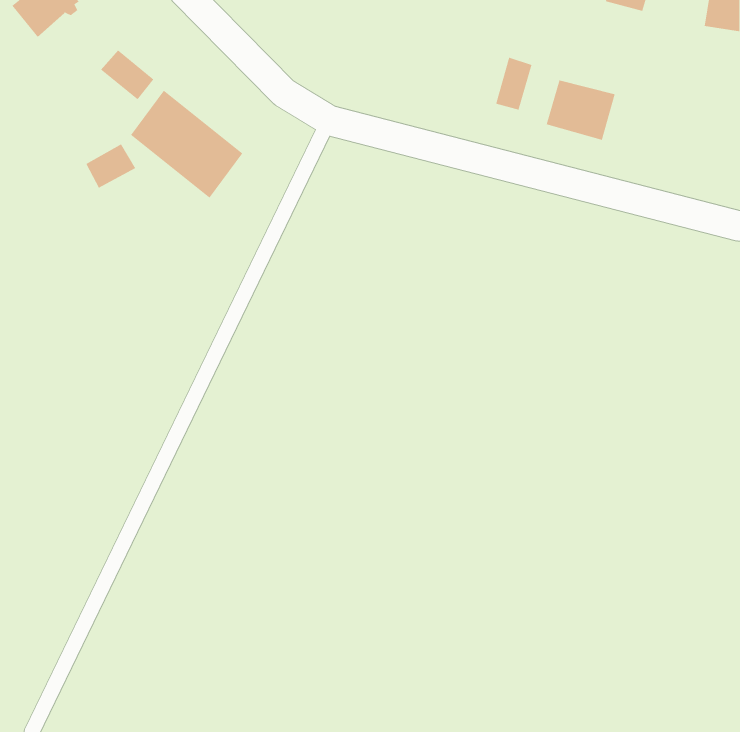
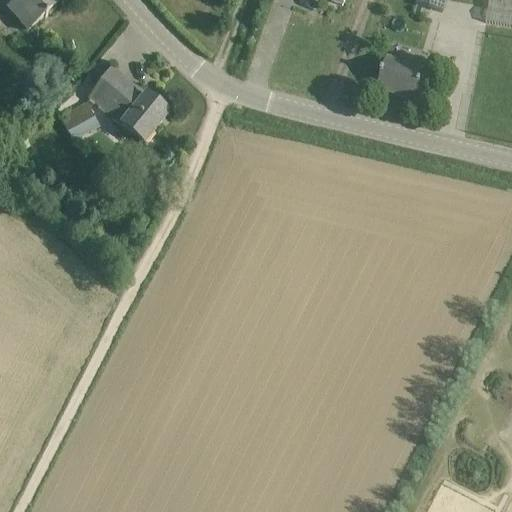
building: [100,49,154,100] -> none
building: [496,57,532,111] -> none

